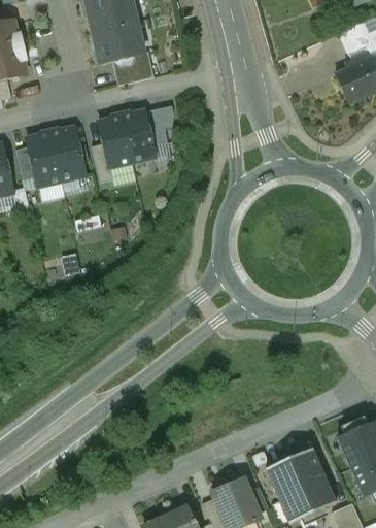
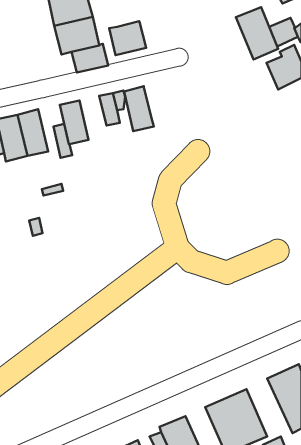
building: none -> [236,7,278,59]
building: none -> [109,21,146,55]
building: [121,109,155,161] -> [124,86,154,131]

